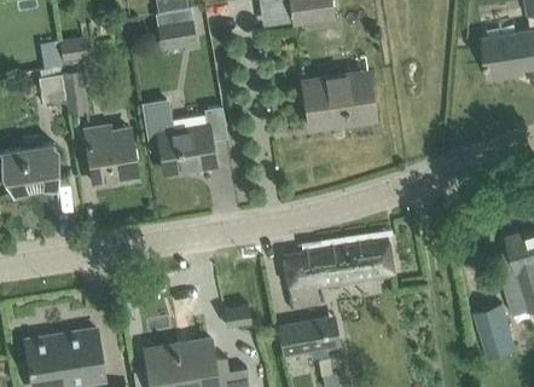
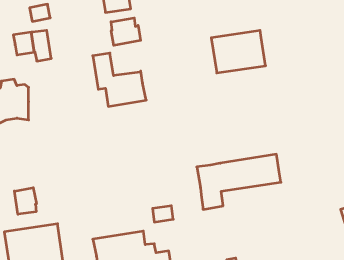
building: none -> [111,18,141,45]
building: [86,127,137,185] -> none
building: none -> [14,188,36,214]
building: [295,317,339,354] -> none

